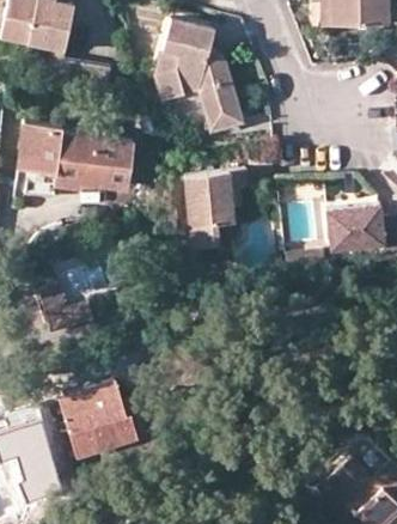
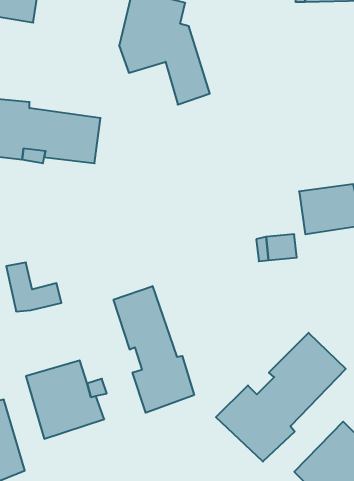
building: [184,171,246,250] -> none
building: none -> [114,286,194,413]
building: none -> [216,333,346,462]

